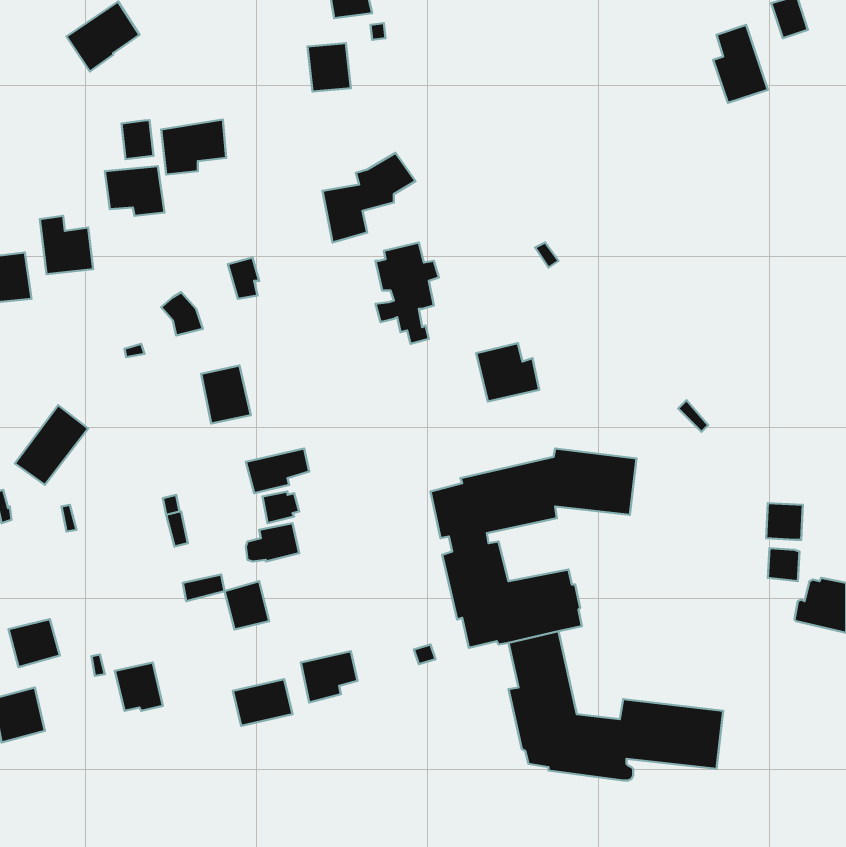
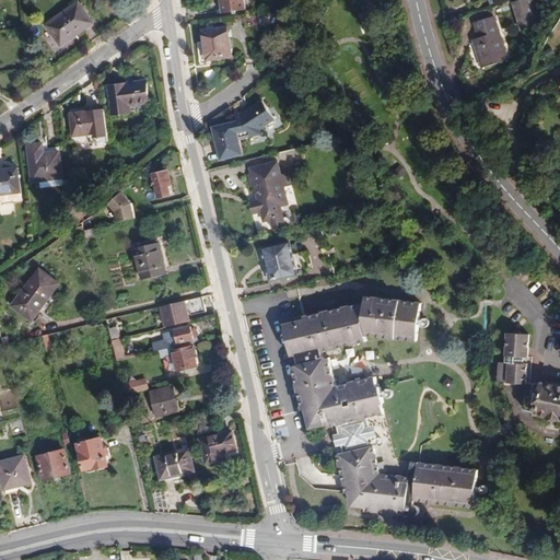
building: [122,120,154,159] -> none
building: [476,343,539,401] -> [261,241,303,279]
building: [8,619,60,667] -> [35,447,69,479]

